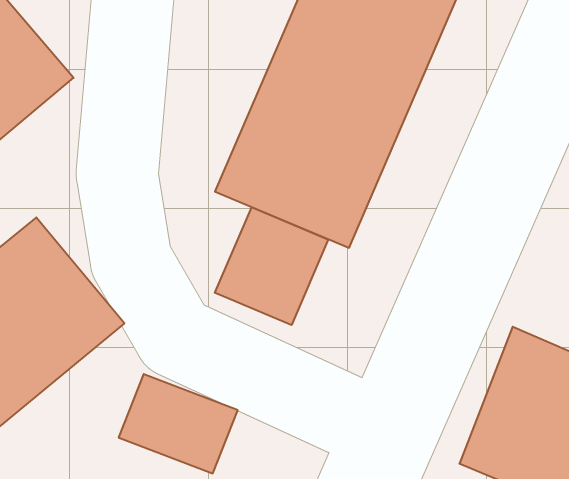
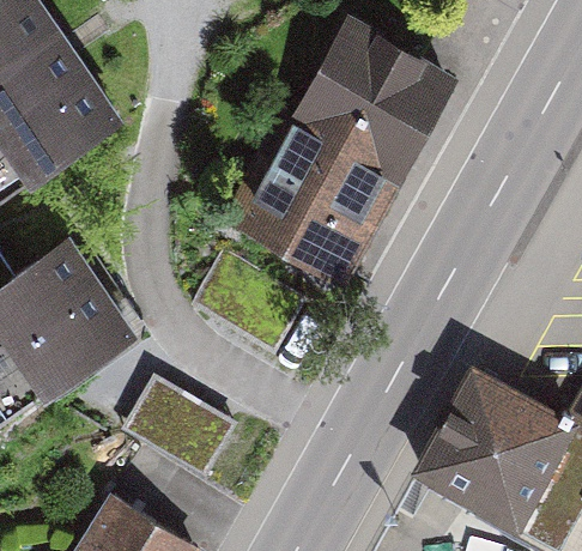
building: [215,207,328,325] -> none

